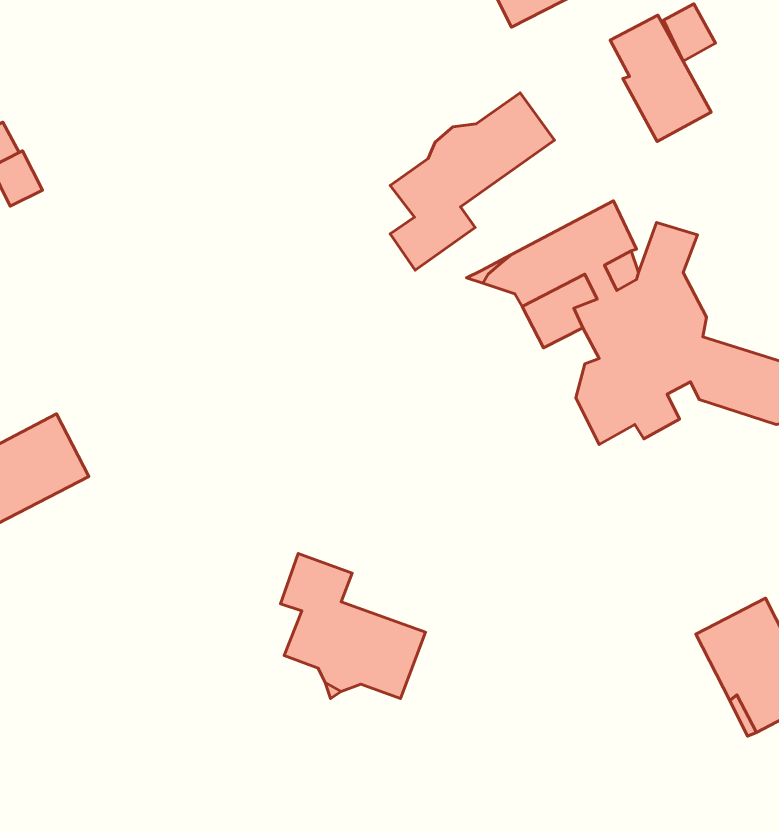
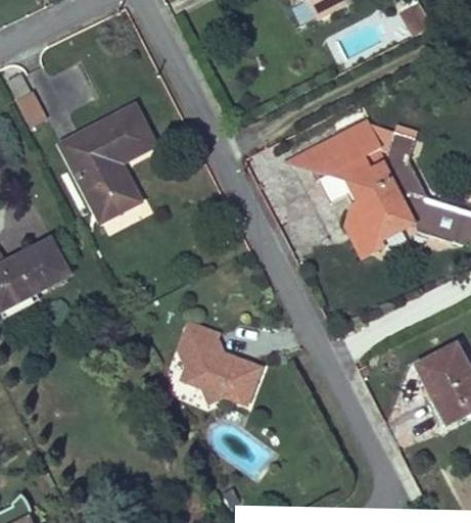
building: [610,15,711,142] -> none
building: [390,93,554,270] -> none
building: none -> [60,106,152,220]

